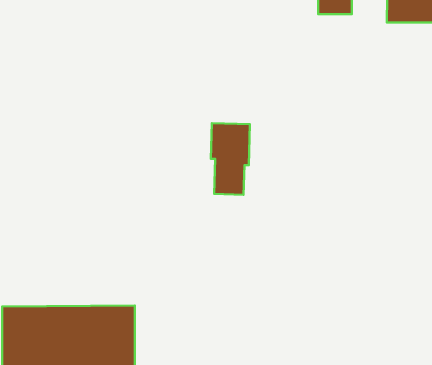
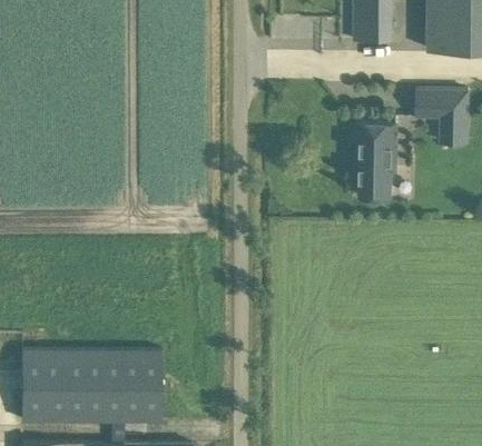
building: none -> [415,91,469,143]
building: [211,123,250,195] -> [356,123,397,199]

